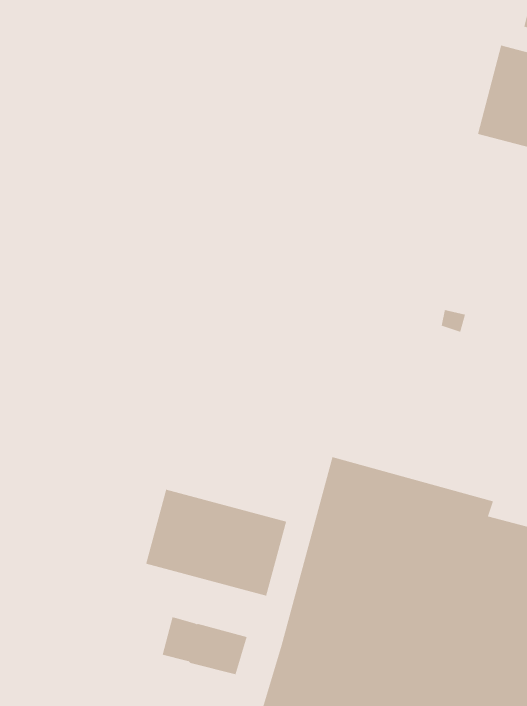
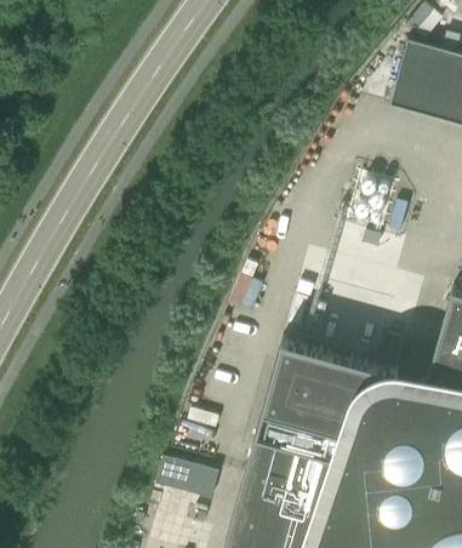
building: [145,489,287,597] -> none

